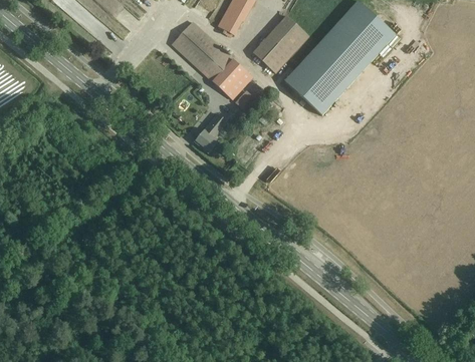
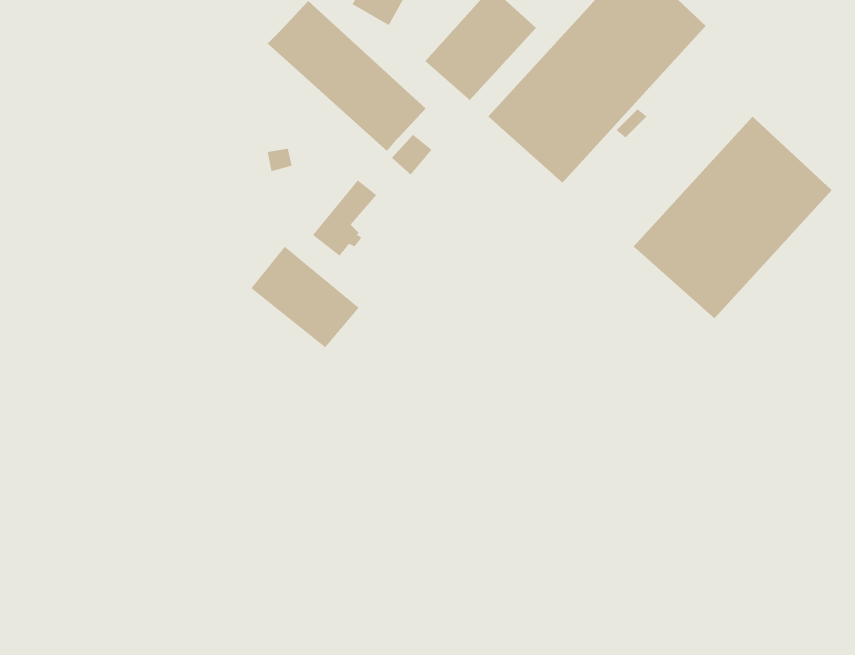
building: none -> [633,116,832,319]
building: none -> [251,246,360,348]

